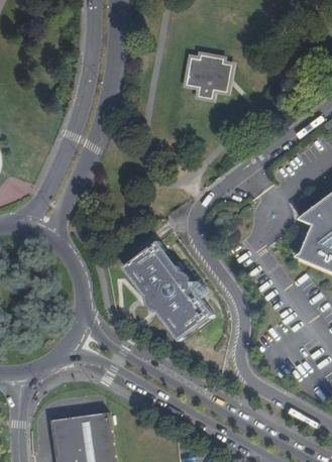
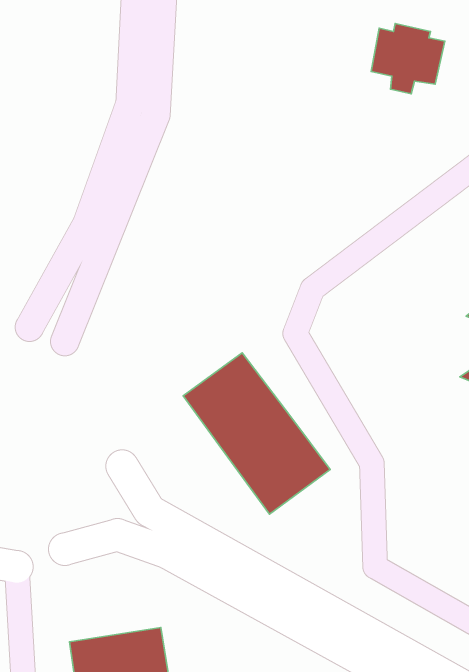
building: [187,51,233,96] -> [371,24,445,94]

